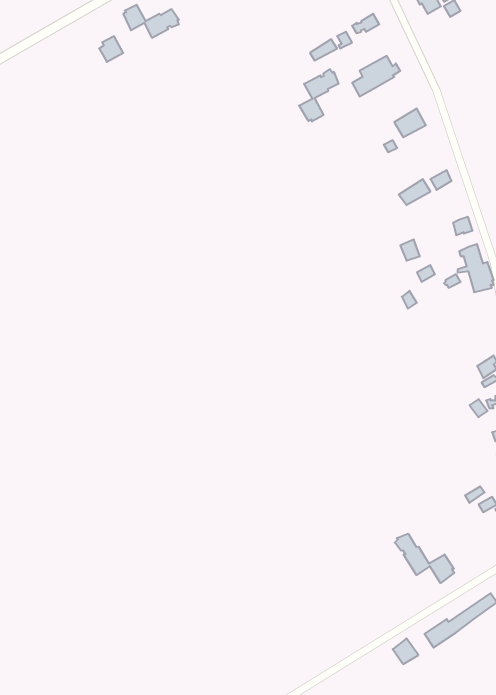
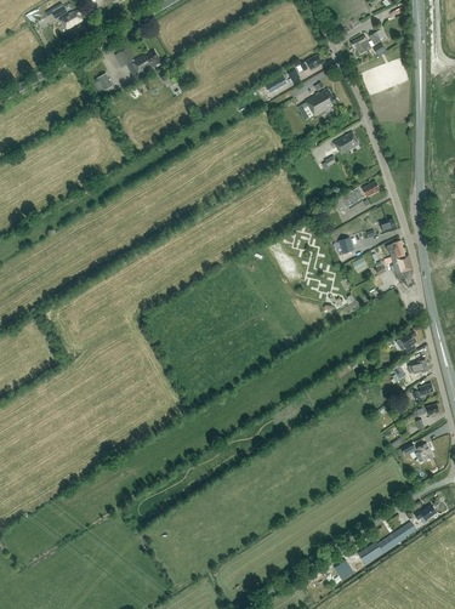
building: [299,69,338,122] -> none
building: [395,534,454,583] -> none

